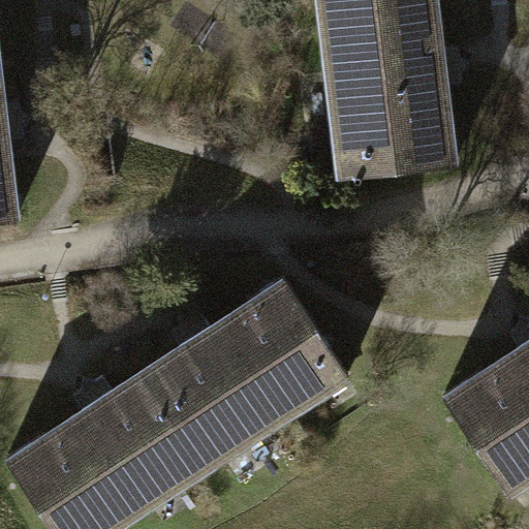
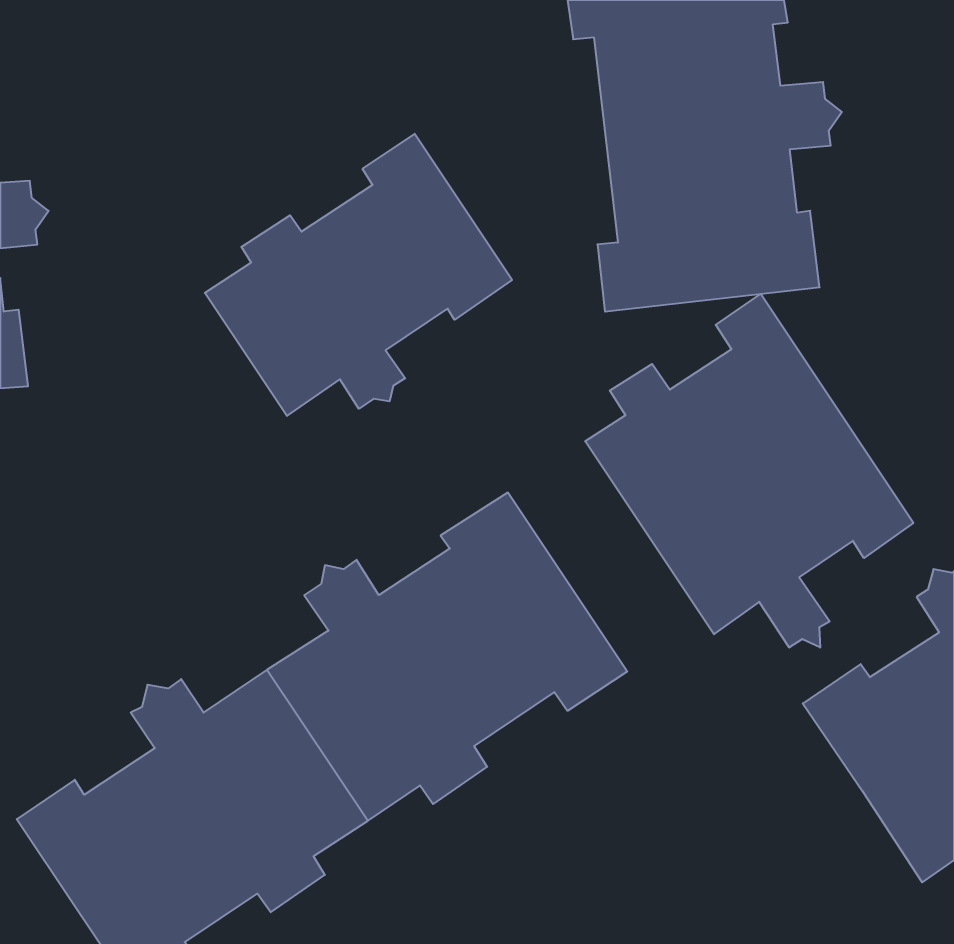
building: none -> [205,134,512,416]
building: none -> [585,294,913,648]

